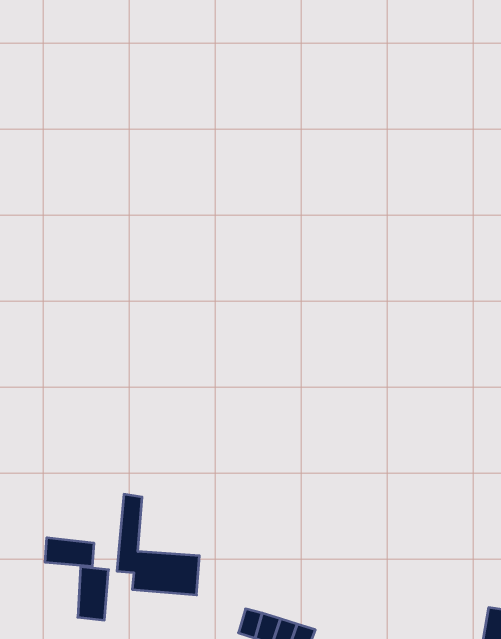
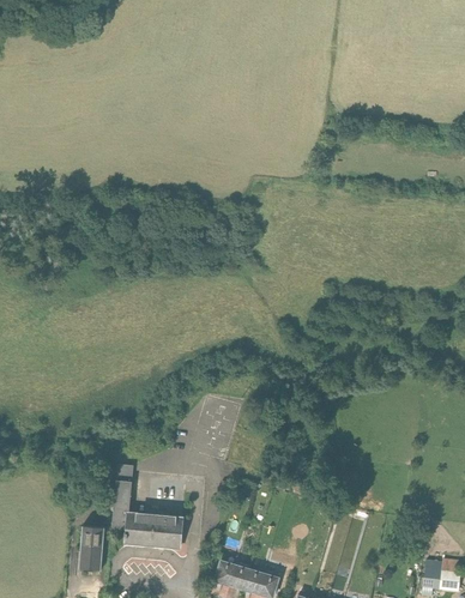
building: [45,538,94,566] -> none

